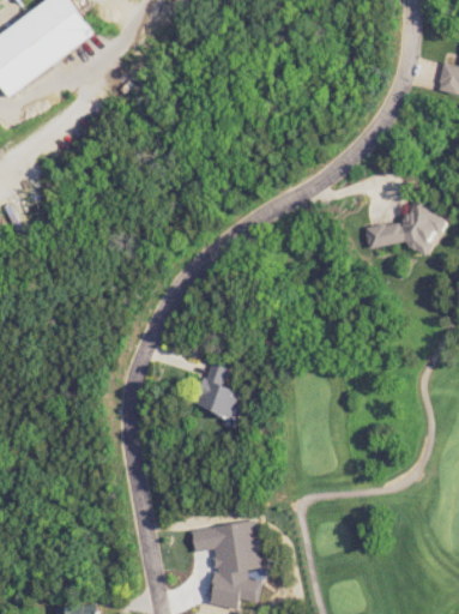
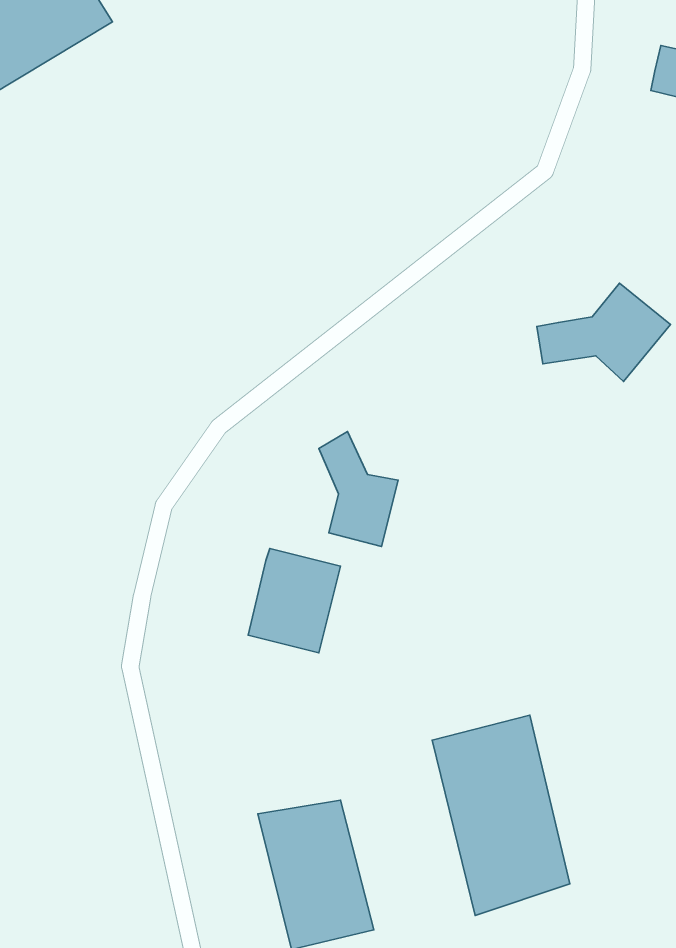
building: none -> [319,432,398,547]
building: none -> [432,715,570,916]

